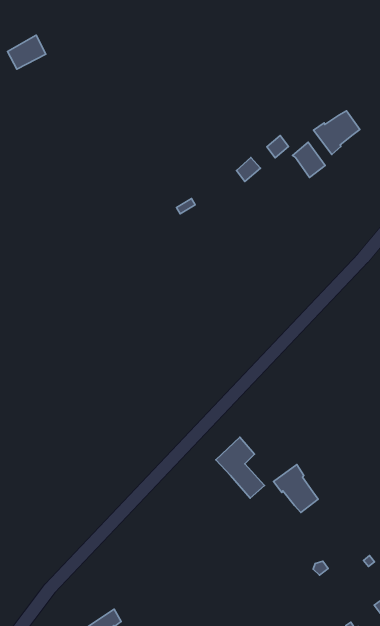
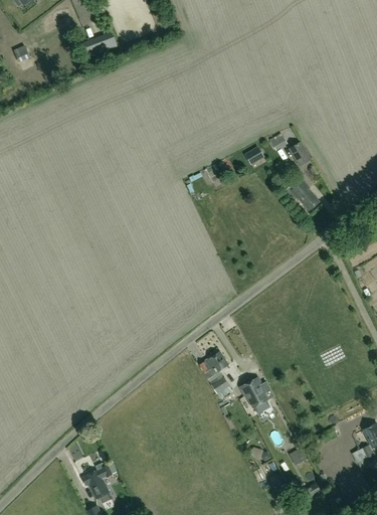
building: [314,111,360,154] -> none
building: none -> [290,179,320,211]

